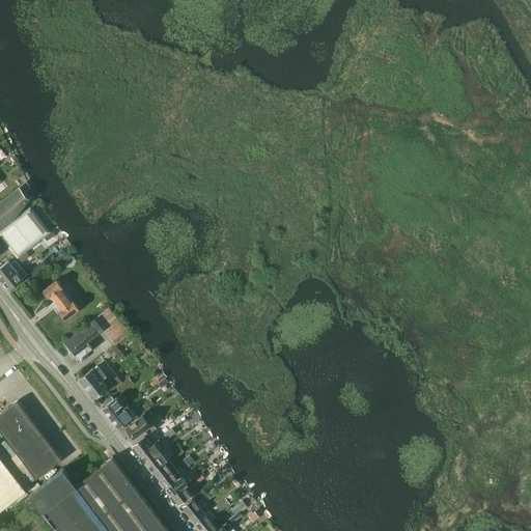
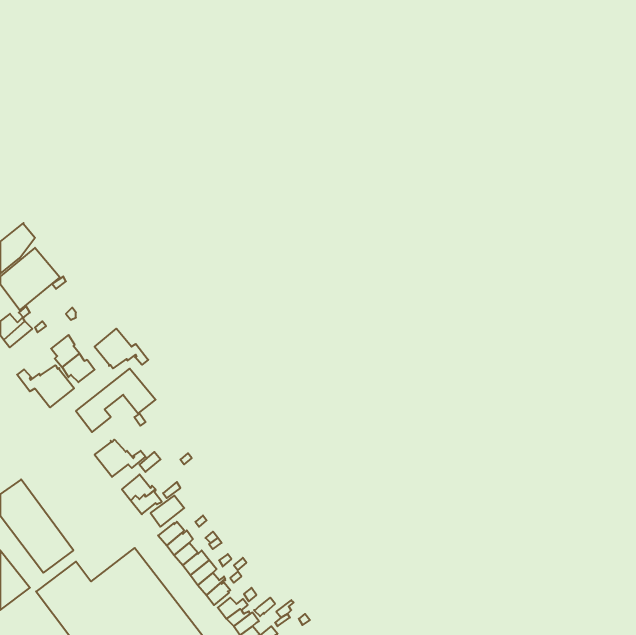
building: none -> [95,329,148,368]
building: none -> [17,365,74,407]

